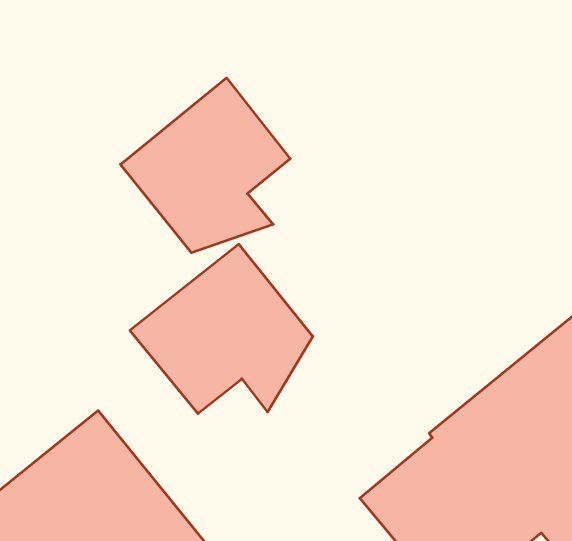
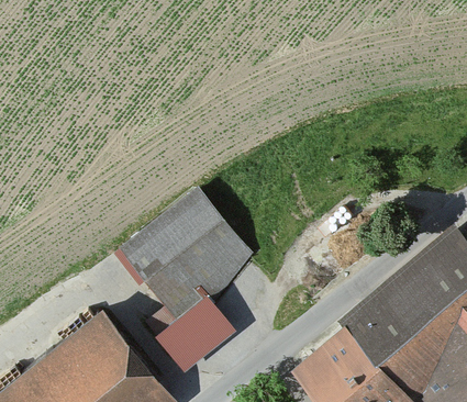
building: [120,78,290,253] -> none
building: none -> [151,293,232,371]

